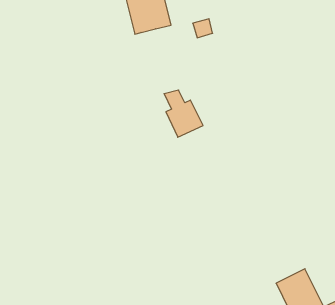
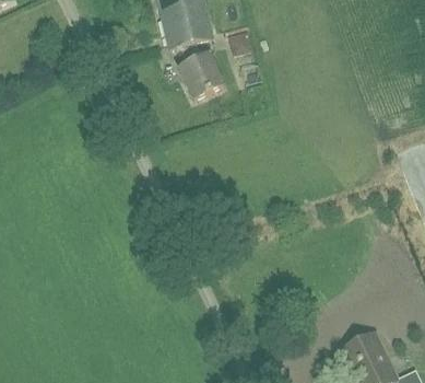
building: [164,90,203,137] -> [176,40,223,97]

